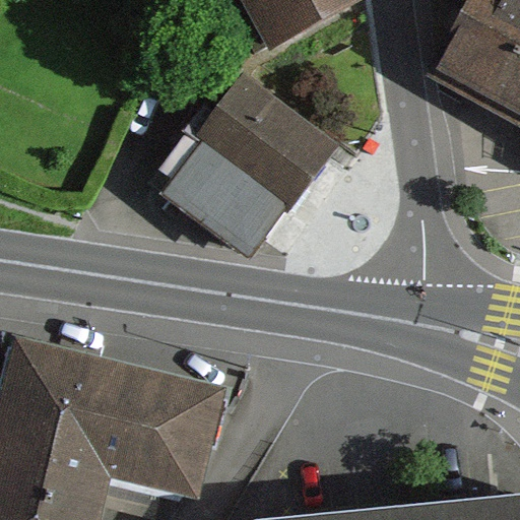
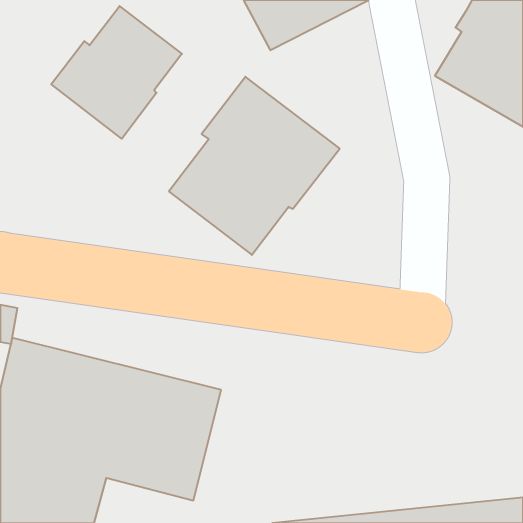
building: none -> [51,6,182,139]

